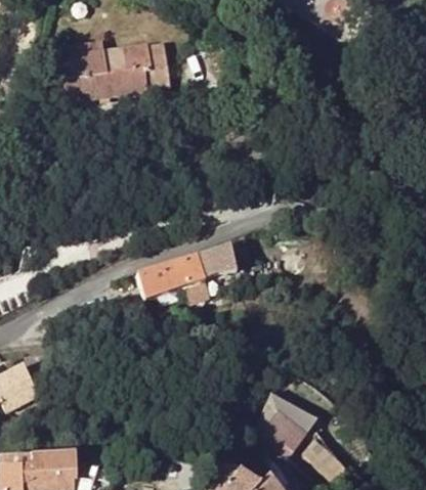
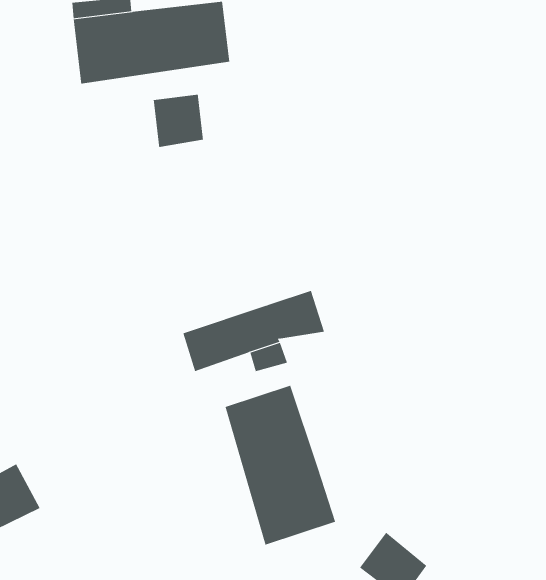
building: none -> [153,94,204,148]
building: none -> [225,385,336,545]

